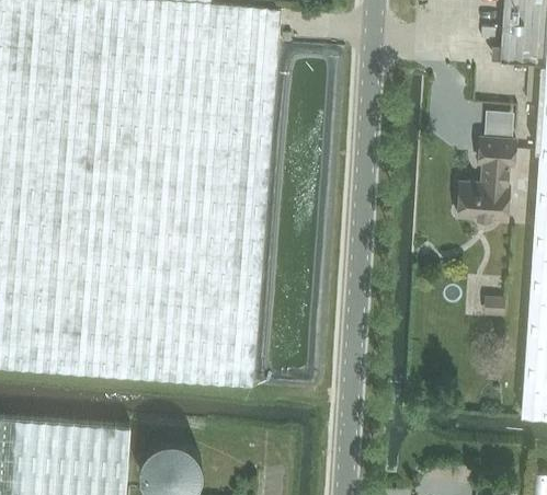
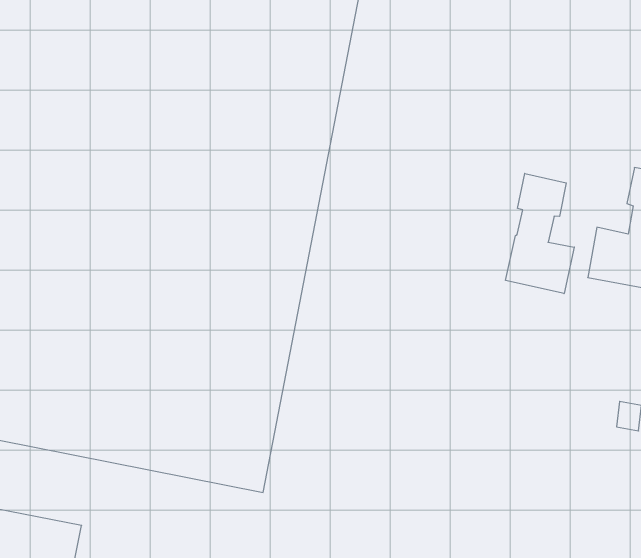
building: none -> [506,173,574,294]

